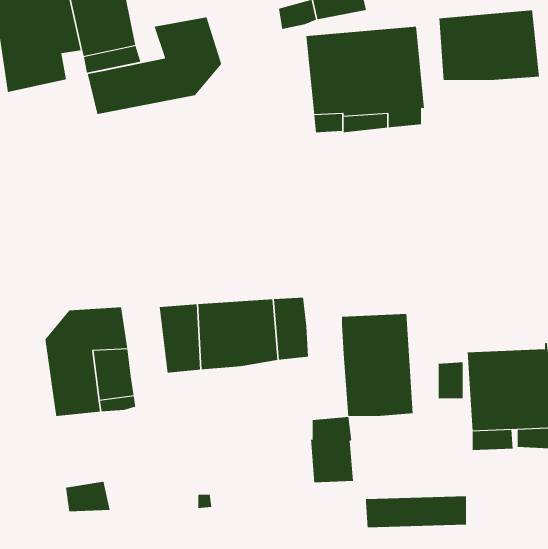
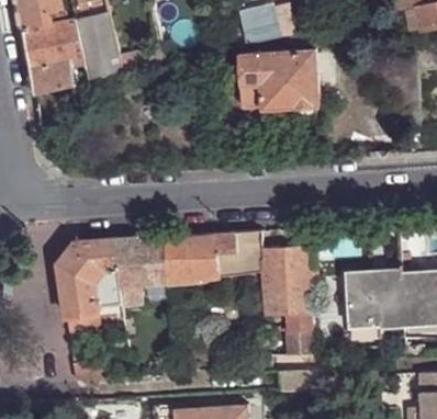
building: [439,10,540,81] -> none
building: [87,16,222,115] -> none
building: none -> [234,231,260,274]
building: none -> [110,238,141,287]
building: [310,417,354,483] -> [282,313,312,358]

